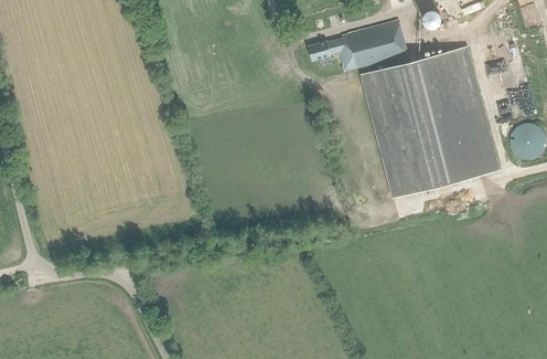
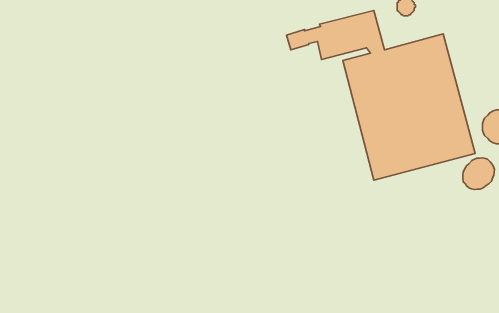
building: none -> [463,158,494,190]

